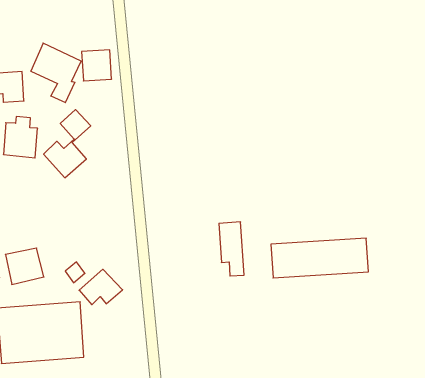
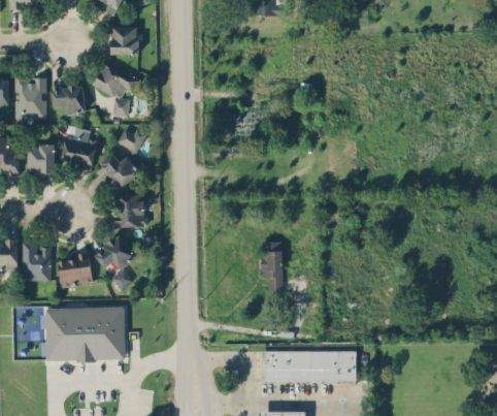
building: [82,50,112,81] -> [111,26,138,54]
building: none -> [117,194,146,227]
building: [271,238,368,278] -> [265,350,356,382]
building: [79,269,123,305] -> [95,235,136,268]

